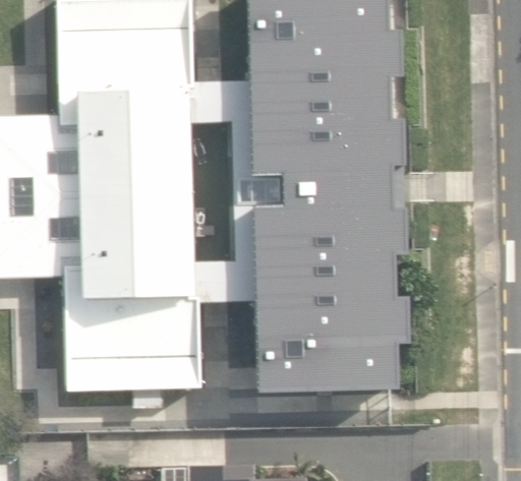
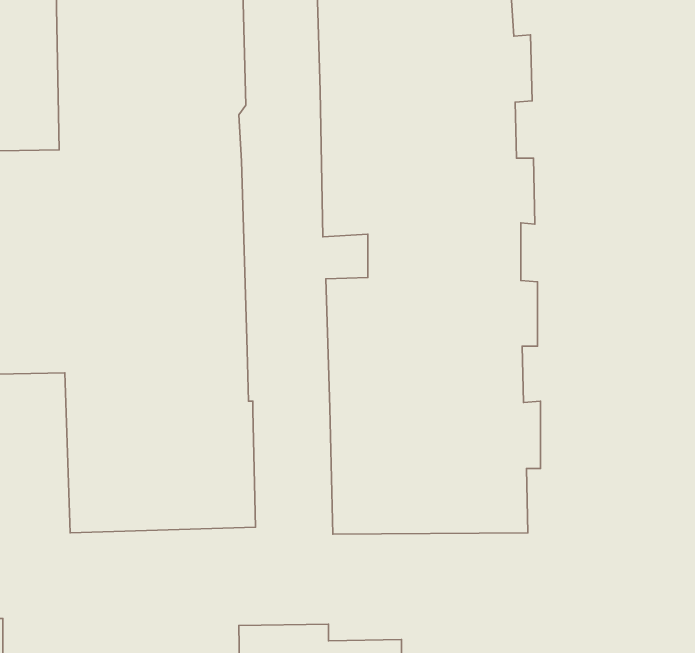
building: [188,72,282,304] -> none

